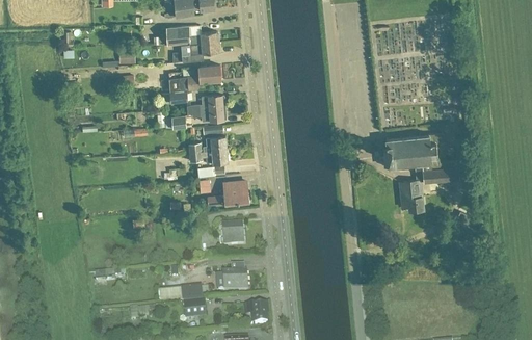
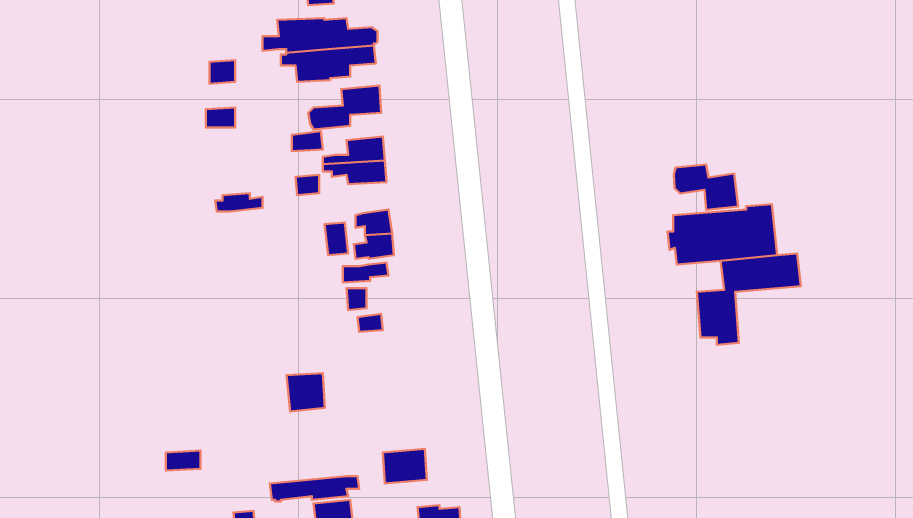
building: none -> [674,164,738,210]
building: [222,180,248,203] -> none
building: [220,223,242,244] -> [286,373,325,412]

